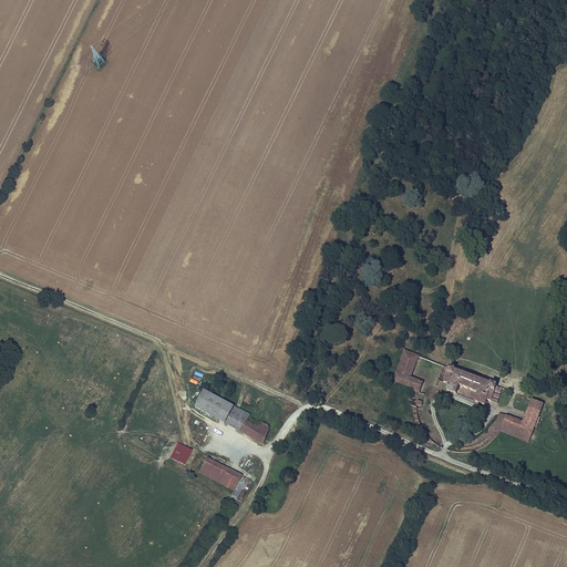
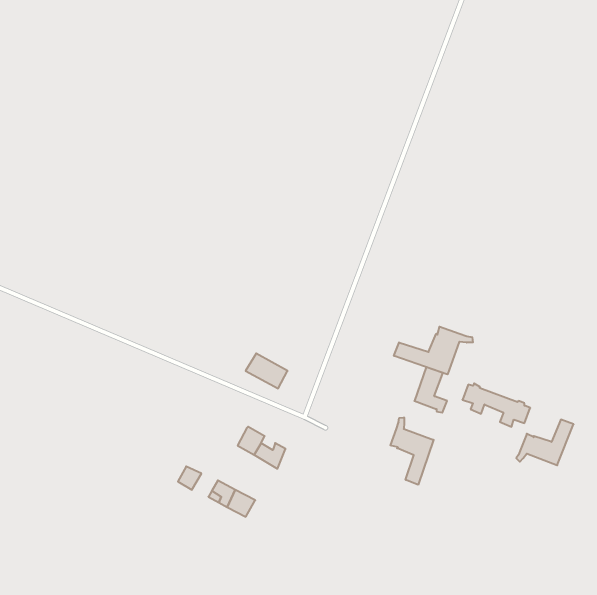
building: none -> [394,327,473,374]
building: [194,389,234,422] -> [246,353,288,388]
building: none -> [390,417,434,485]

